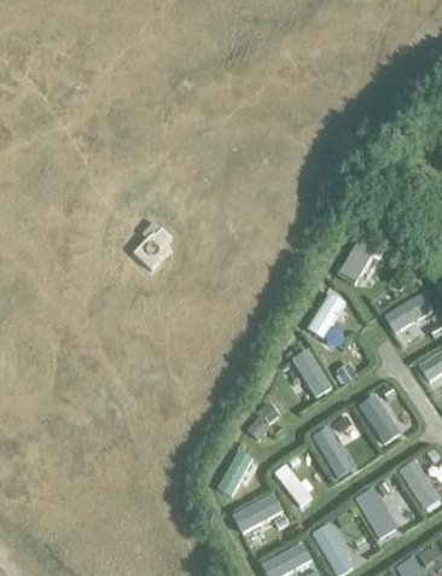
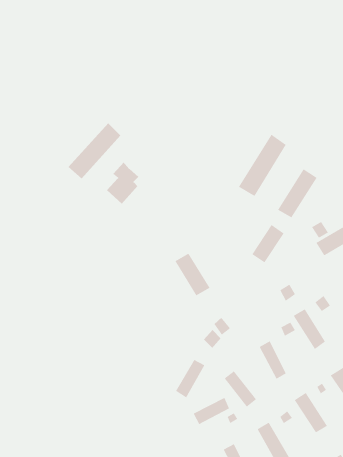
building: none -> [67,123,121,179]
building: none -> [238,134,287,197]
building: [291,348,333,398] -> [174,253,210,296]

